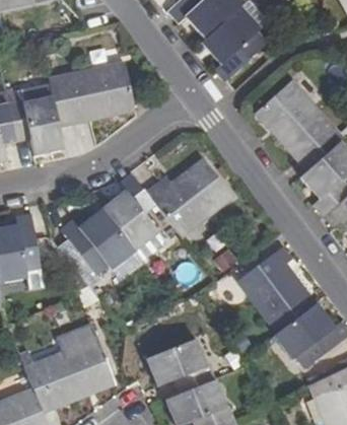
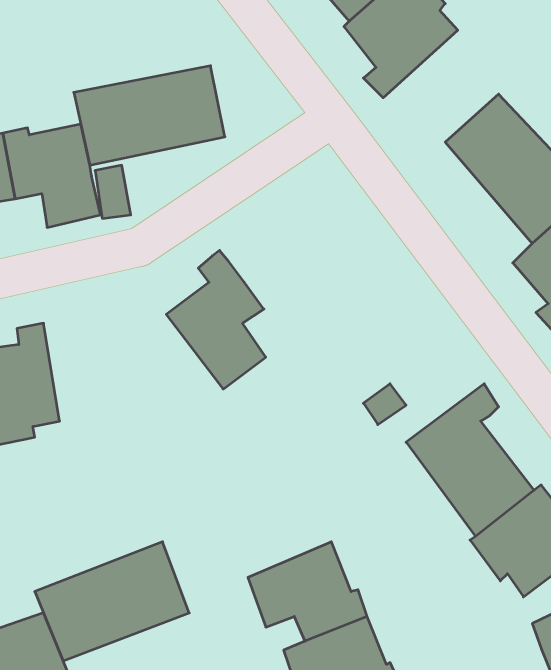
building: [145,160,230,233] -> none
building: [59,207,133,273] -> none

